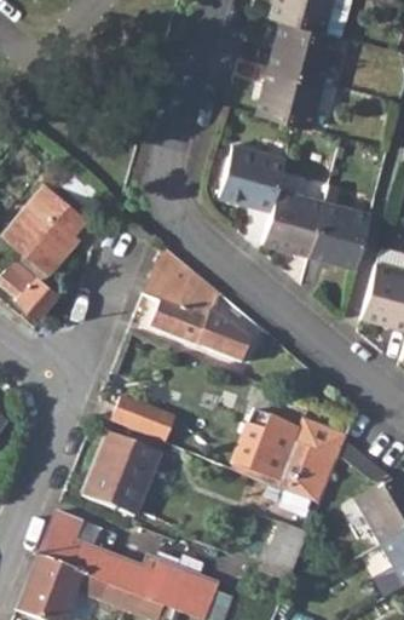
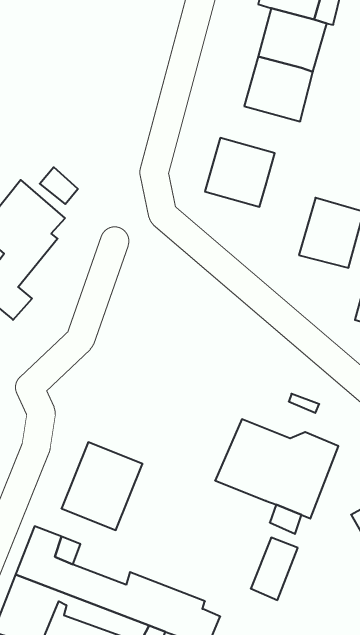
building: [262,186,324,253] -> none
building: [143,262,252,361] -> none
building: [109,395,175,442] -> none

